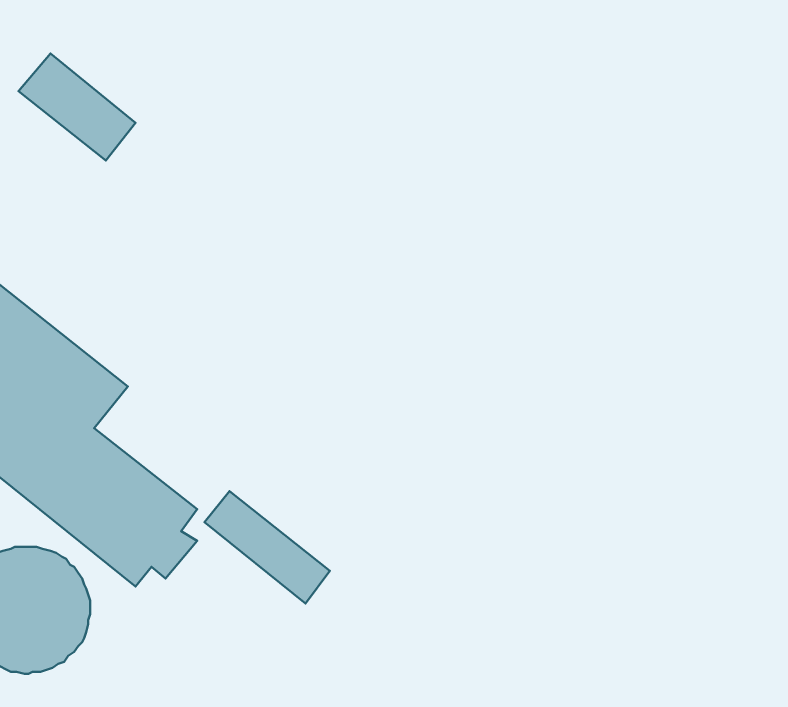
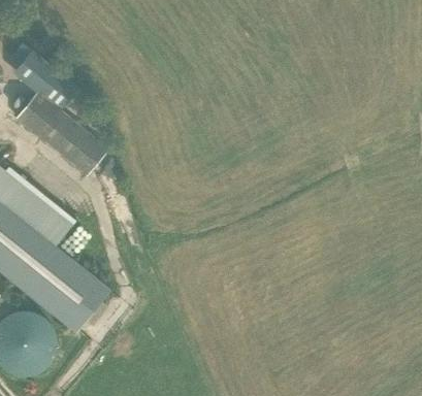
building: none -> [15,93,108,176]
building: [204,491,330,603] -> none

